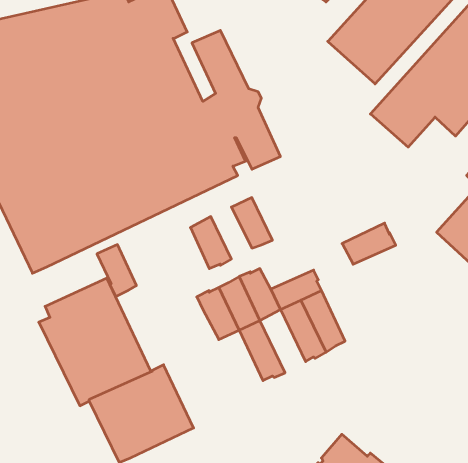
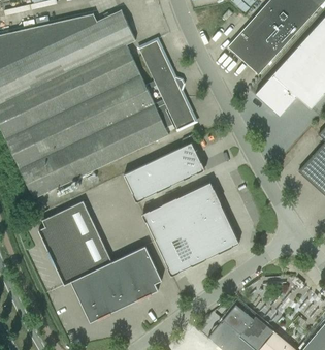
building: none -> [177,142,205,177]
building: none -> [151,155,177,189]
building: [342,223,396,264] -> [183,182,218,209]
building: [97,245,136,297] -> [124,168,150,202]
building: none -> [183,222,213,263]
building: none -> [156,235,185,276]
building: none -> [120,246,162,299]

